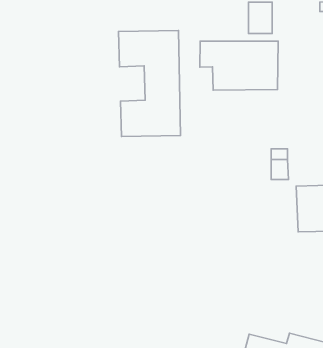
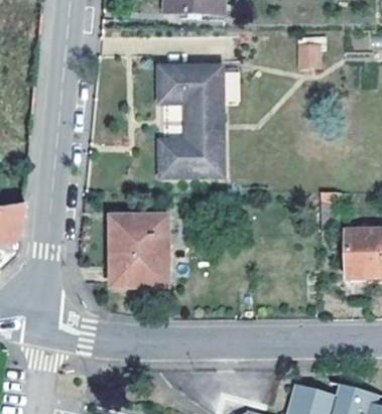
building: [200,41,278,90] -> none
building: none -> [111,215,168,286]

